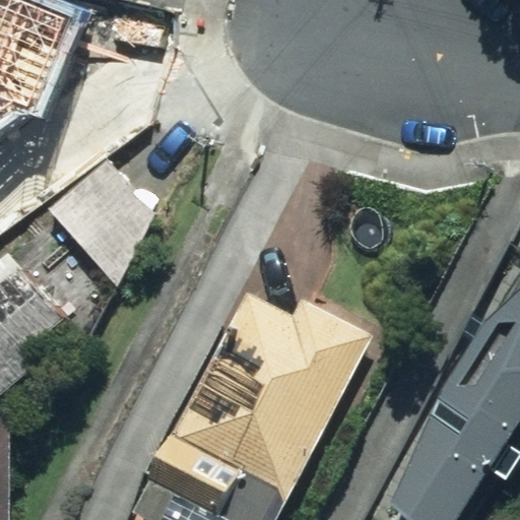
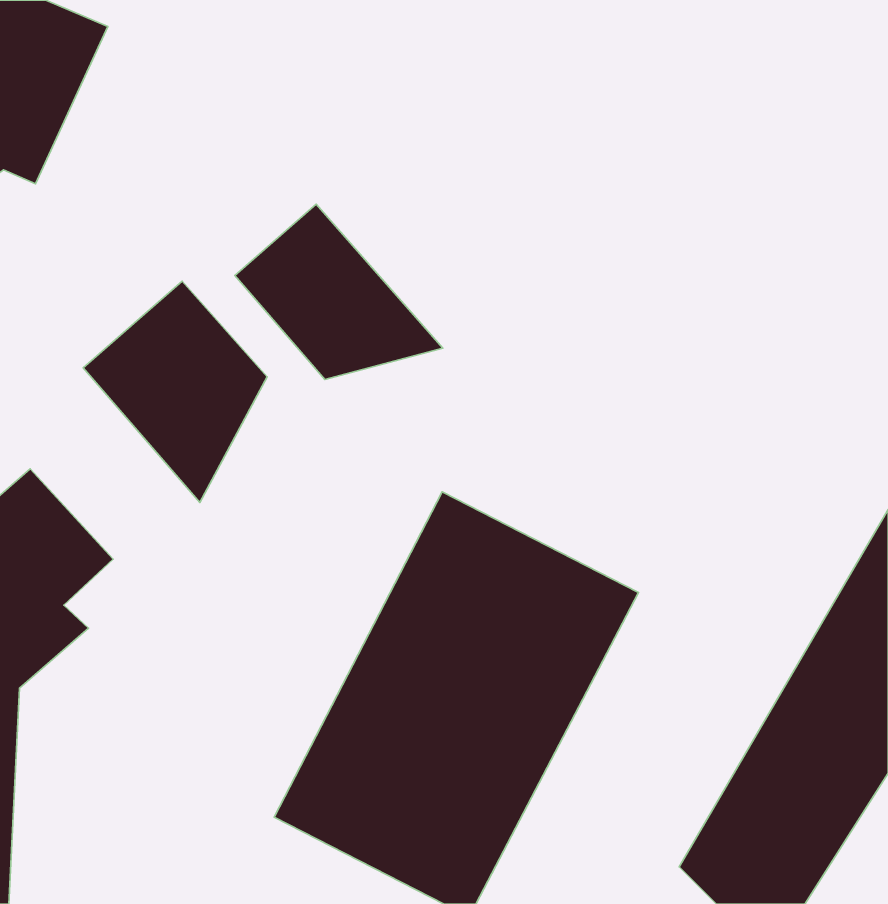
building: none -> [235,204,443,380]

